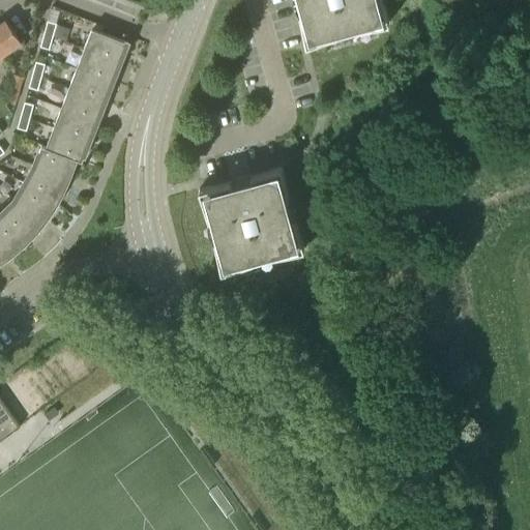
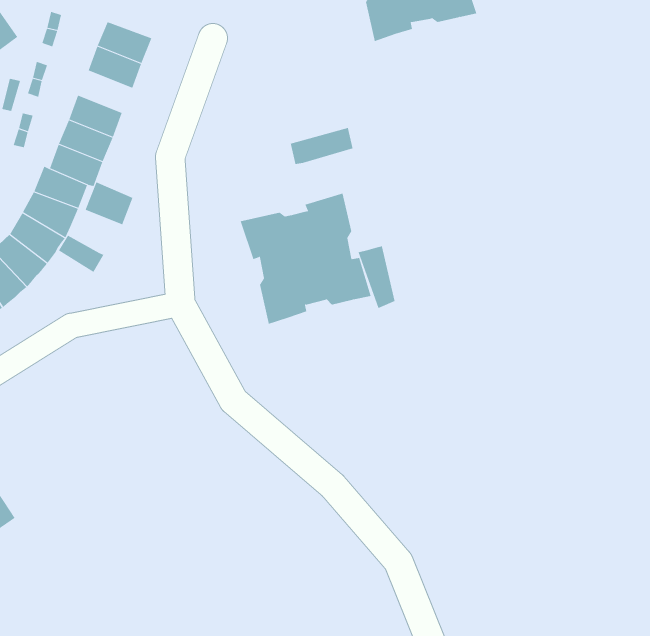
building: [67,71,112,106] -> none
building: none -> [290,127,353,165]
building: none -> [85,181,133,225]
building: none -> [58,235,104,273]
building: none -> [358,246,395,309]

